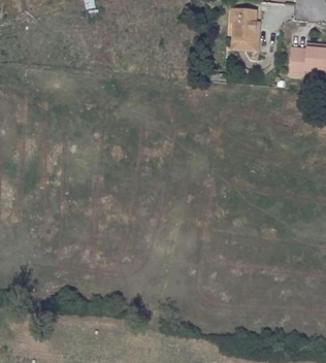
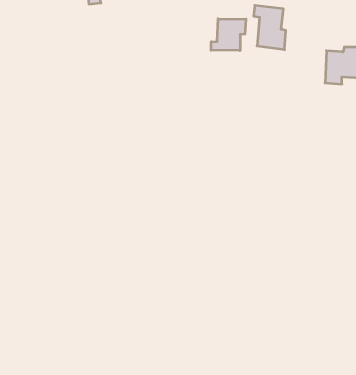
building: none -> [211,19,246,51]

